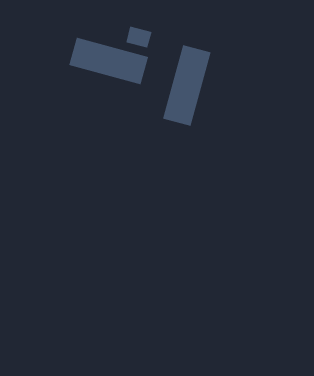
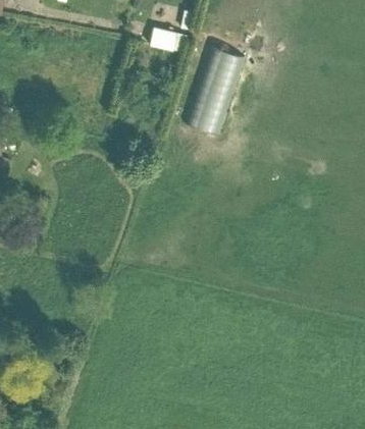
building: [69,37,149,85] -> none

